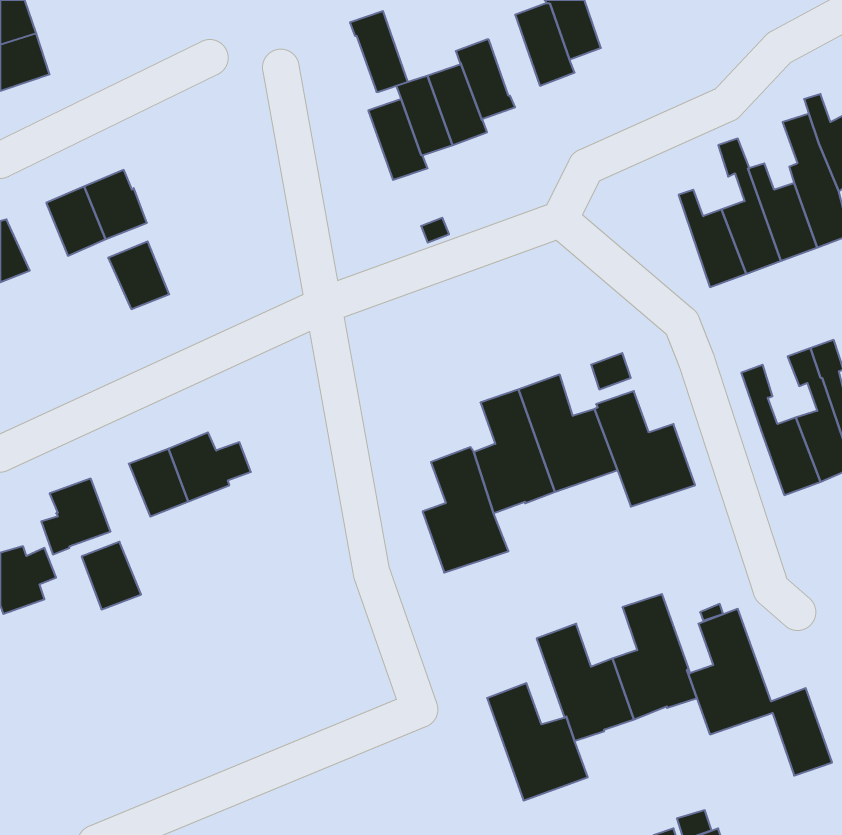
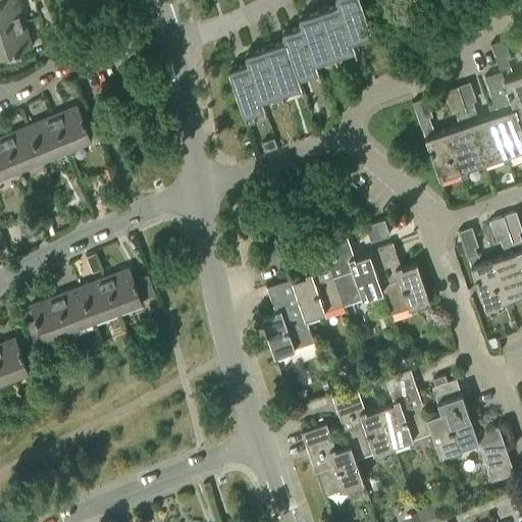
building: [350,11,408,92] -> [299,14,334,64]
building: [108,241,169,309] -> [5,130,43,172]
building: [82,542,141,609] -> [57,292,94,333]

